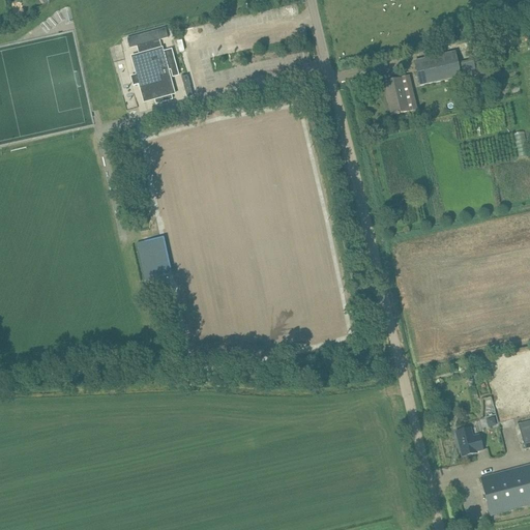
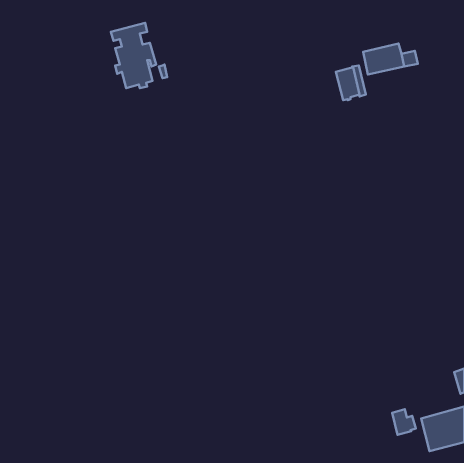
building: [144,236,172,276] -> none
building: [455,426,482,455] -> [392,409,416,435]

